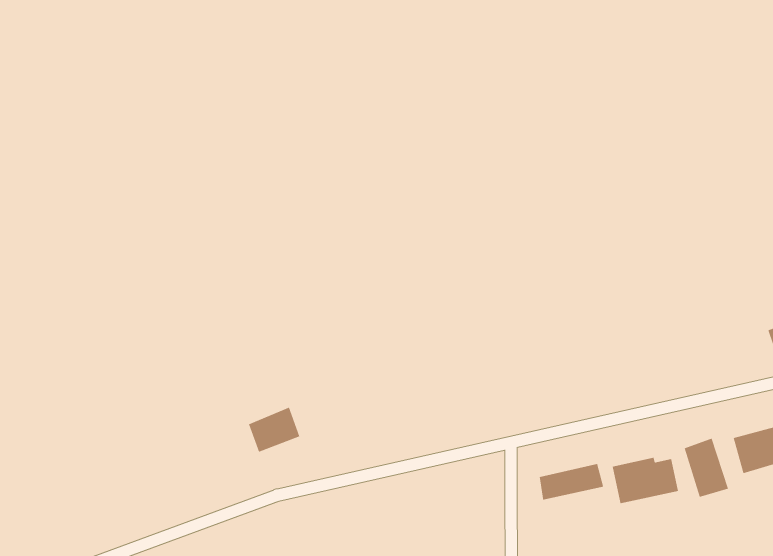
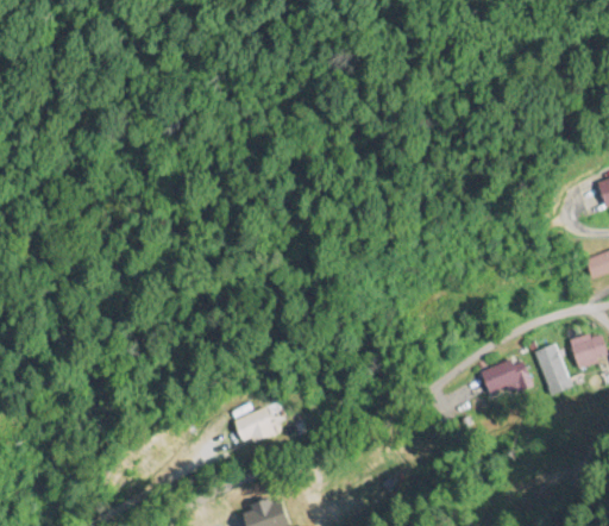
building: [248,407,300,452] -> [236,406,275,442]
building: [539,463,604,501] -> none

